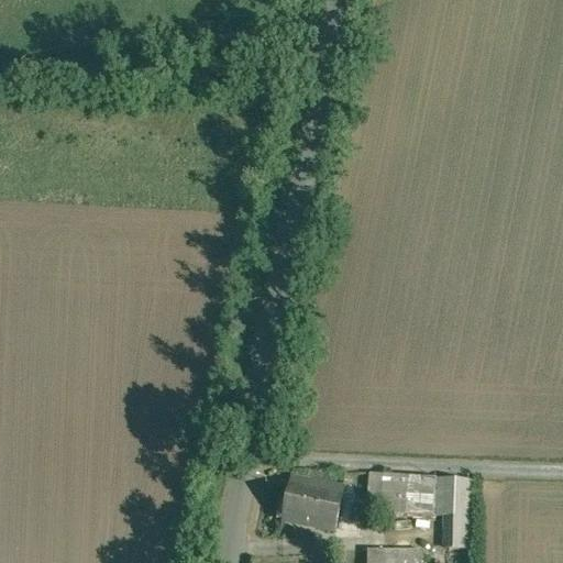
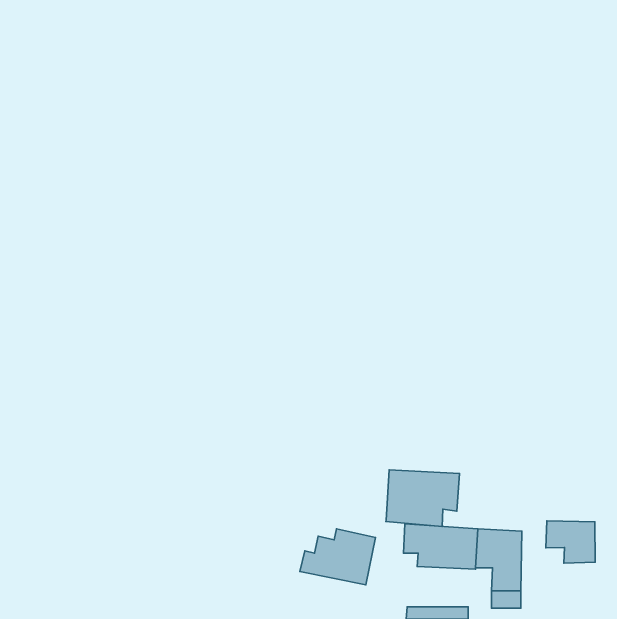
building: none -> [386,470,460,526]
building: none -> [546,521,595,563]

